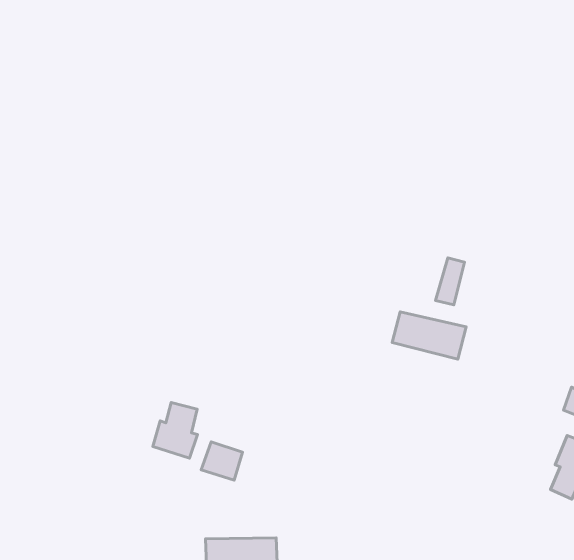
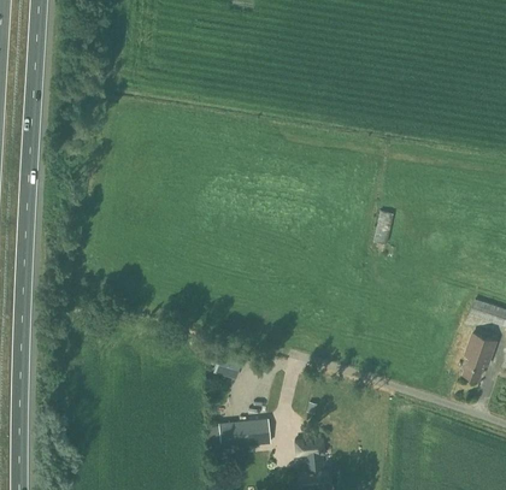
building: [392,312,466,359] -> none
building: [153,402,197,458] -> none

